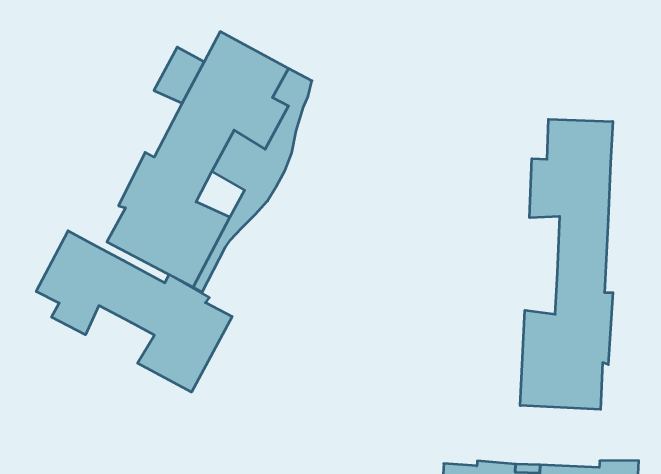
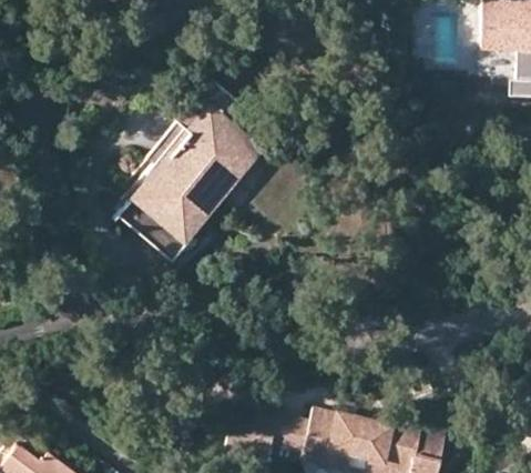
building: [520,119,613,409] -> none
building: [36,231,232,392] -> none

